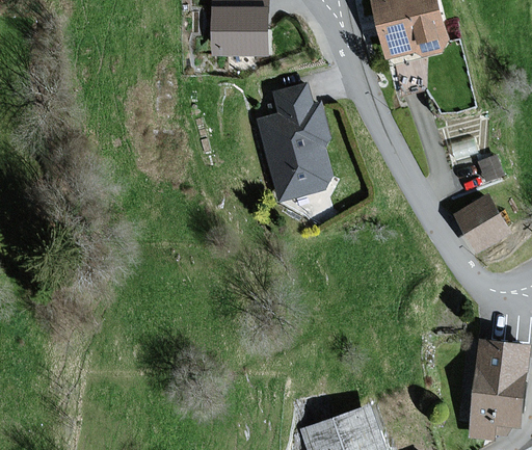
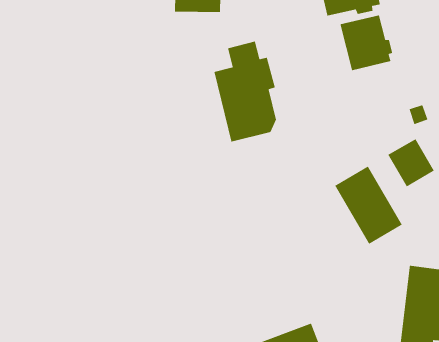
building: none -> [340,14,393,71]
building: none -> [334,166,403,245]

